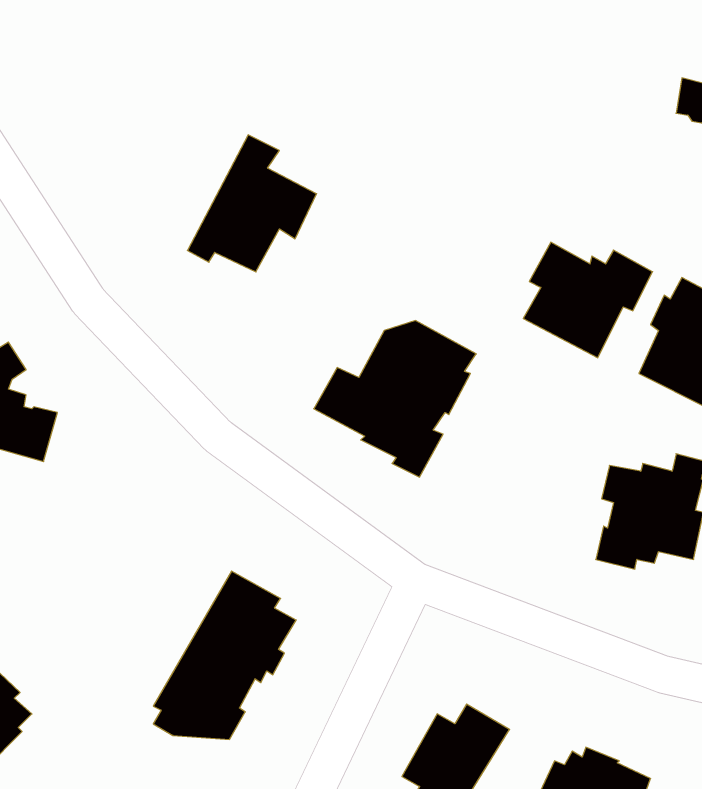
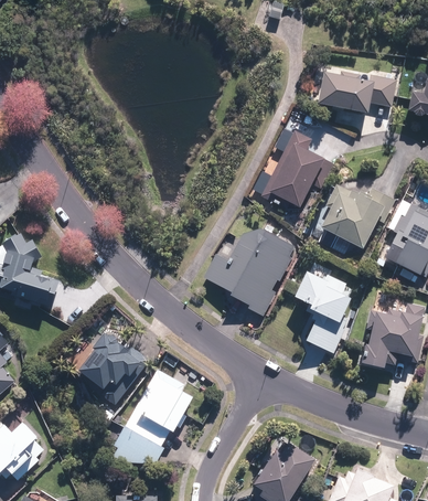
building: none -> [318,71,396,113]
building: [187,135,317,272] -> [260,130,333,207]
building: none -> [295,270,352,353]
building: none -> [77,332,148,404]

